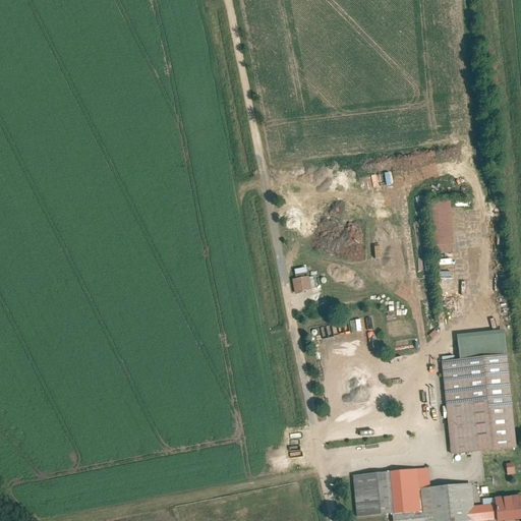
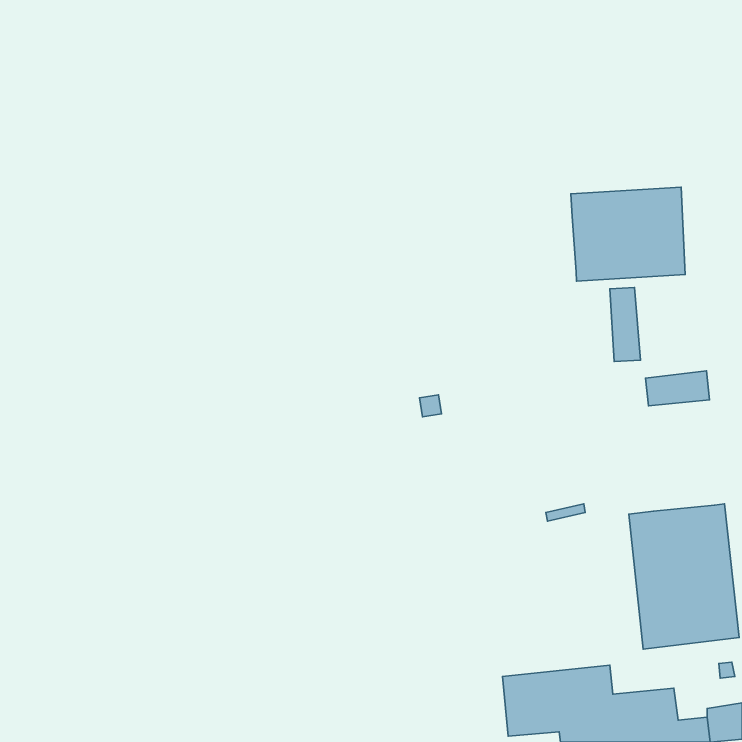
building: none -> [571,187,685,281]
building: [456,334,501,358] -> [646,371,709,406]

